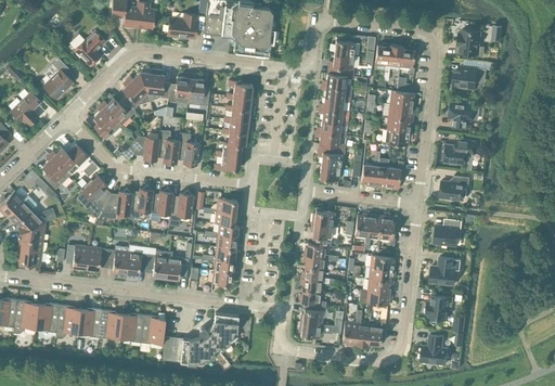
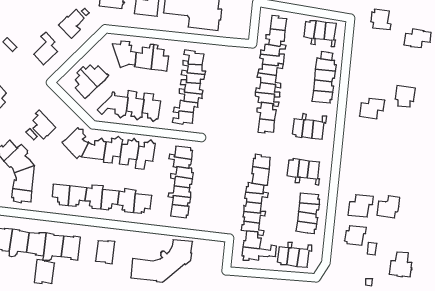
building: [452,66,486,89] -> [404,29,431,47]
building: [121,73,150,111] -> none
building: [10,92,41,127] -> none
building: [449,102,474,128] -> [395,86,415,107]
building: [50,144,89,176] -> none
building: [439,176,468,201] -> none
building: [434,219,462,246] -> [377,196,400,218]
building: [98,310,122,339] -> [34,260,55,283]
building: [140,316,165,351] -> none
building: [420,335,448,365] -> [389,252,412,277]

